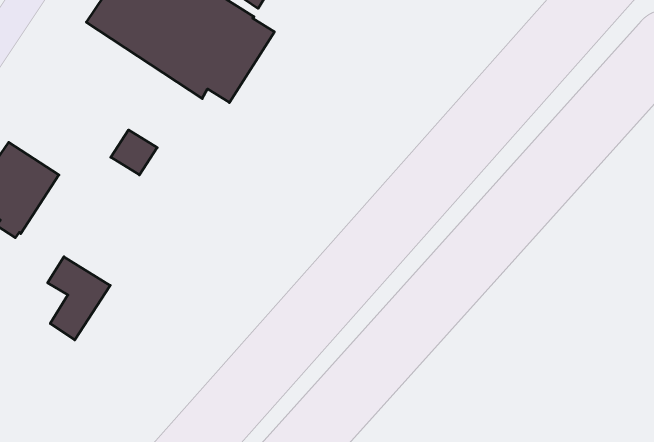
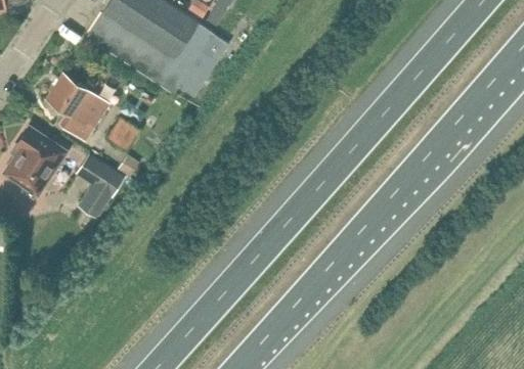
building: none -> [46,73,110,141]
building: [48,257,110,340] -> [77,154,124,217]

